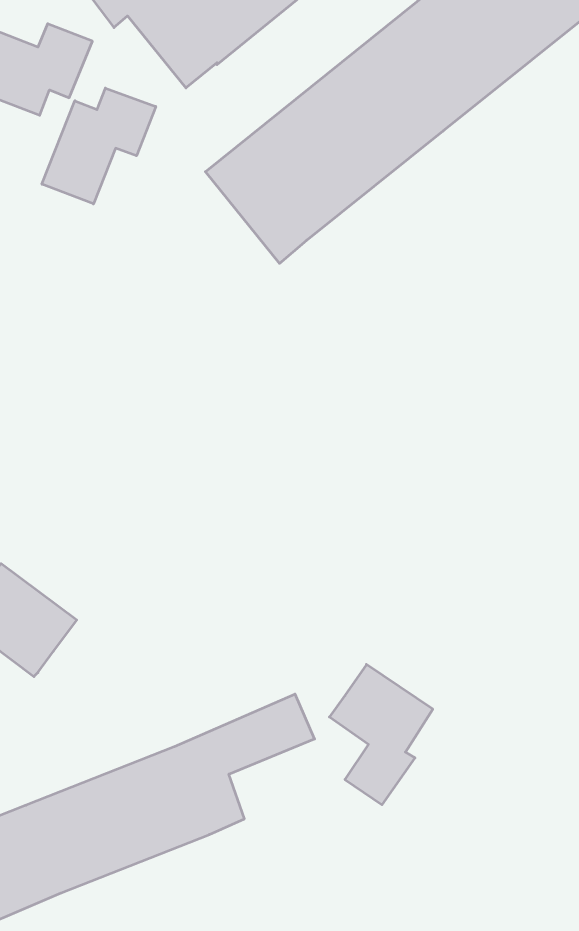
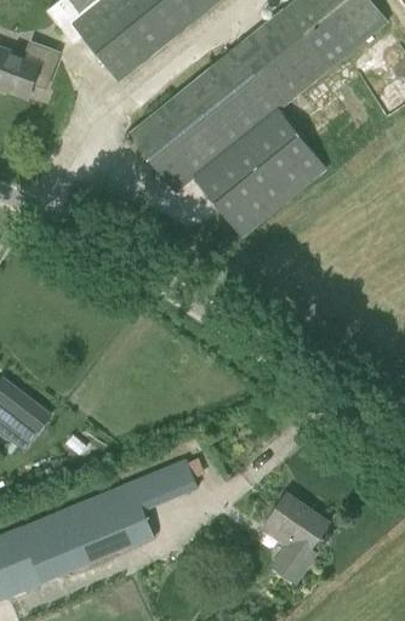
building: [42,88,156,204] -> none
building: none -> [193,108,326,237]
building: [329,664,433,805] -> [263,494,327,581]

